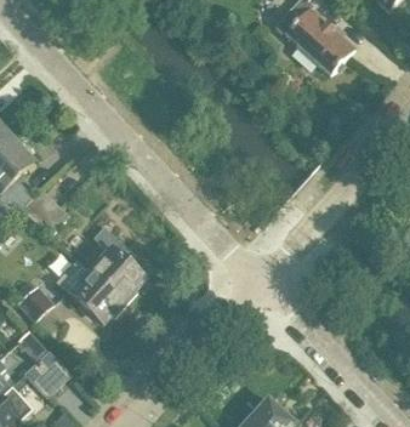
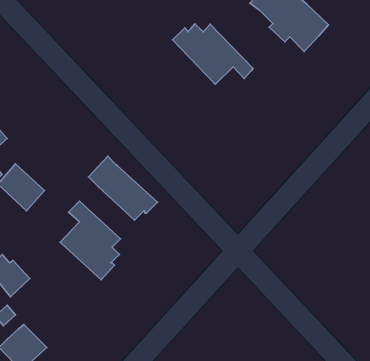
building: none -> [173,24,253,84]
building: [57,257,126,321] -> [89,156,157,220]

